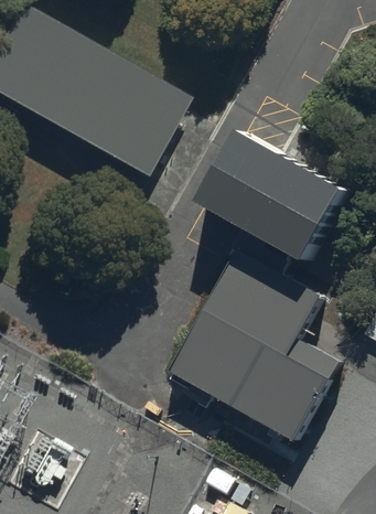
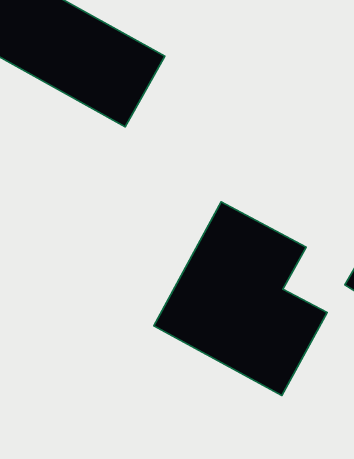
building: [207,128,362,267] -> none

